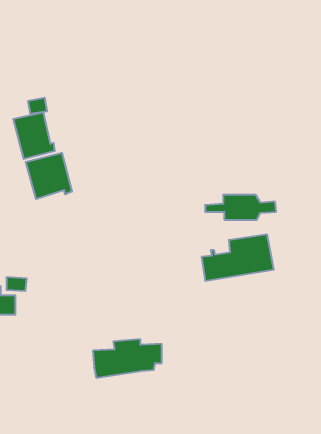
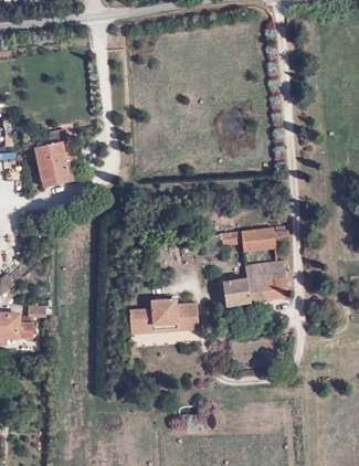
building: [26,153,72,199] -> none
building: [93,339,162,378] -> [129,298,197,336]

